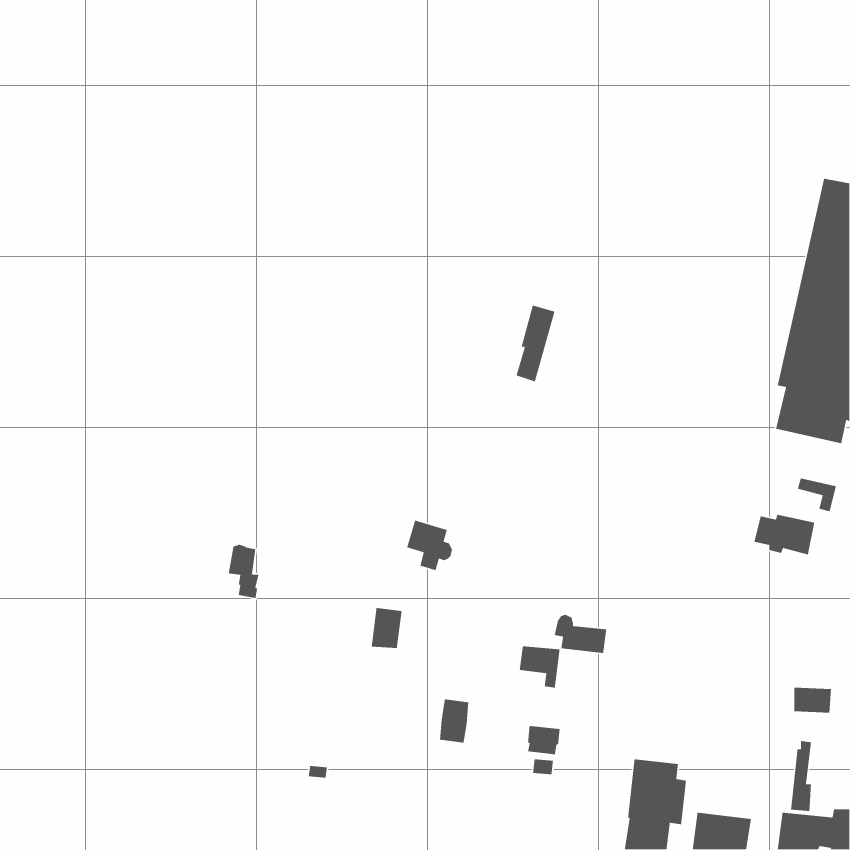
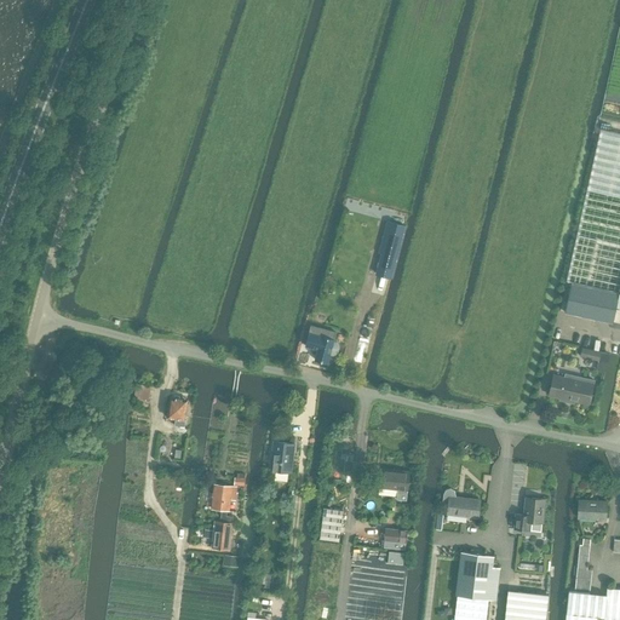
building: [406,520,453,571] -> [305,326,339,363]
building: [554,614,607,654] -> [441,489,480,518]
building: none -> [212,484,236,550]
building: none -> [513,496,544,530]

